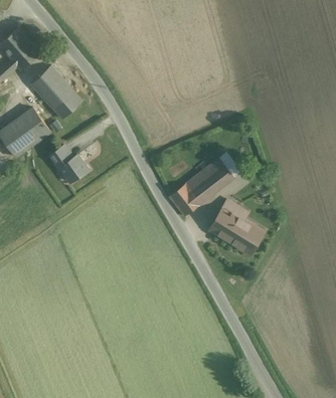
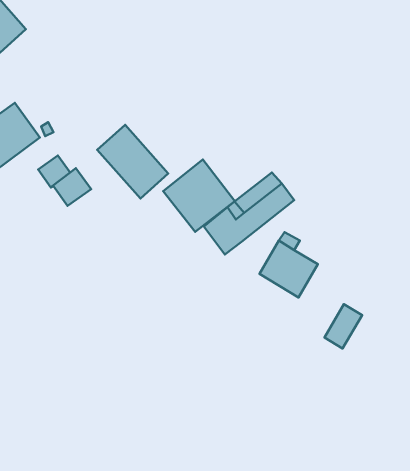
building: [31,65,82,119] -> [97,125,168,198]
building: none -> [163,159,235,232]
building: [238,223,266,255] -> [324,304,362,349]

